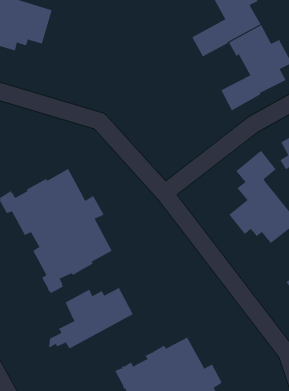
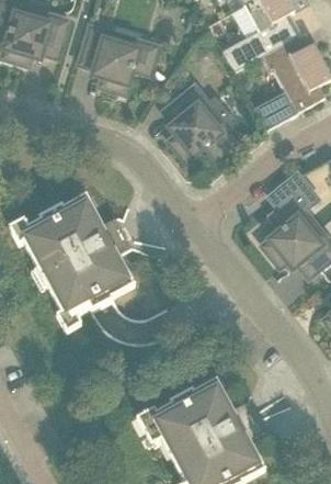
building: none -> [79,25,159,93]
building: none -> [164,83,240,161]
building: [48,287,133,349] -> none

